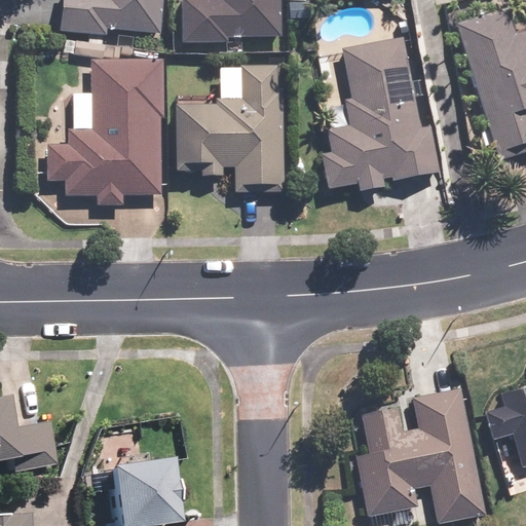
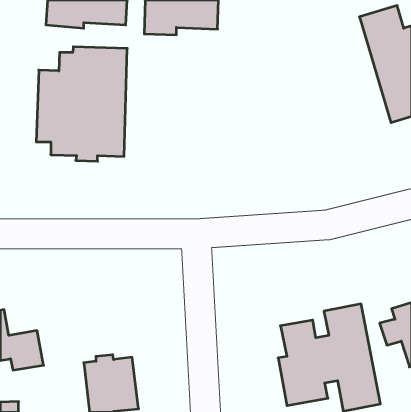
building: [322,40,439,192] -> none
building: [175,65,287,194] -> none

